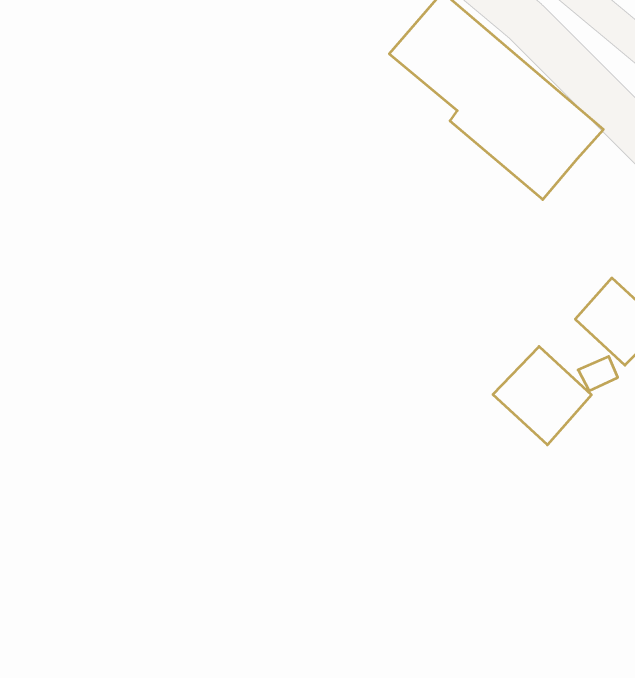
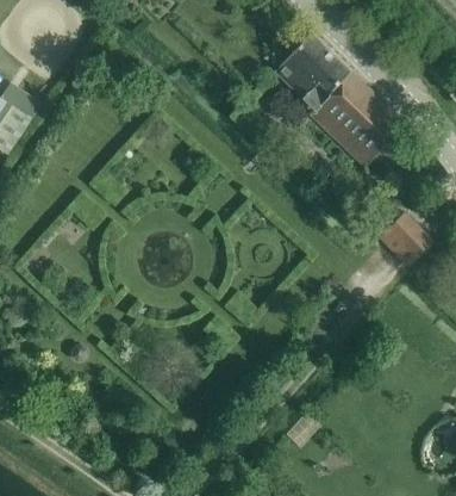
building: [493,346,591,445] -> none

